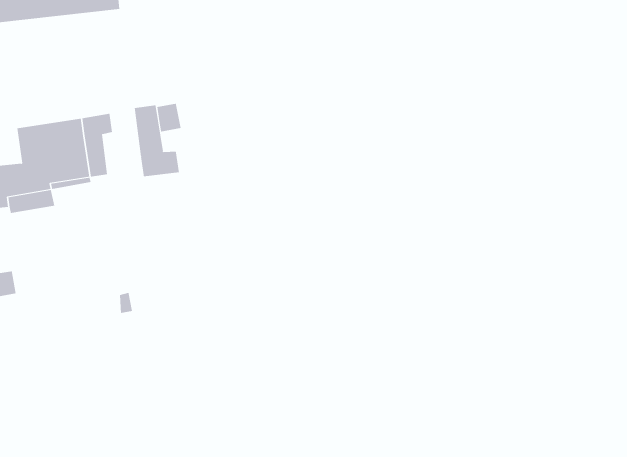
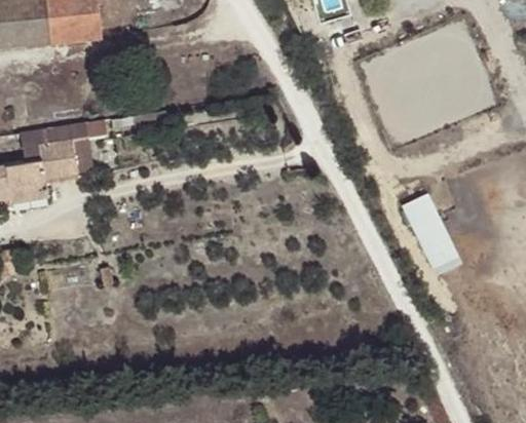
building: [134,104,180,177] -> none
building: none -> [402,189,462,273]

